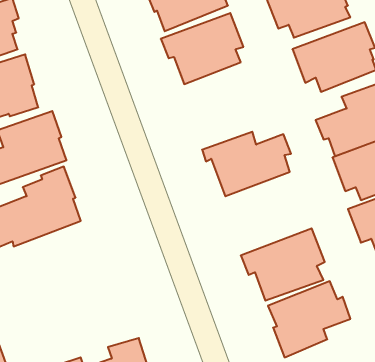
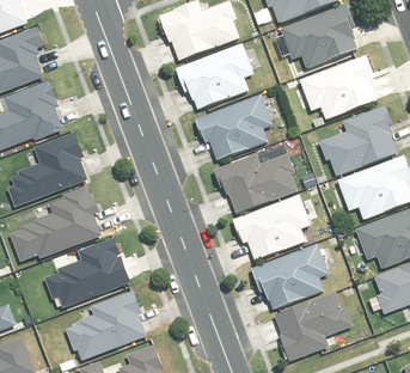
building: none -> [194,94,273,161]
building: none -> [233,191,311,256]
building: none -> [44,238,129,305]
building: none -> [65,291,145,359]

